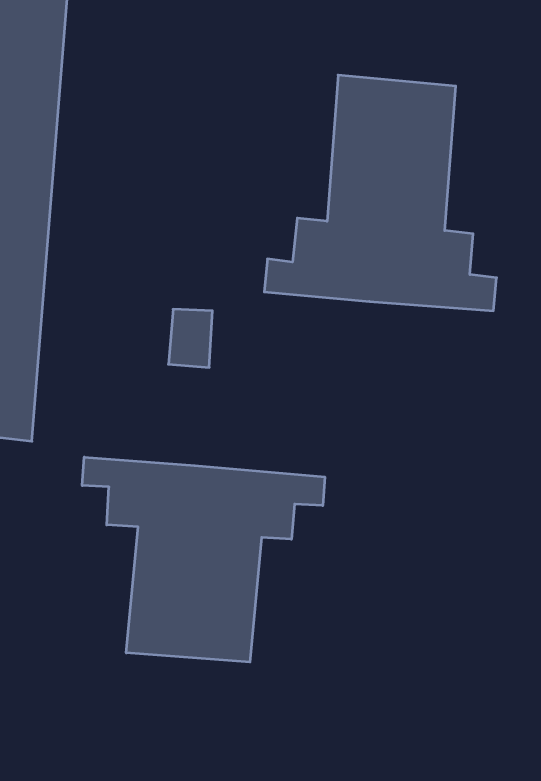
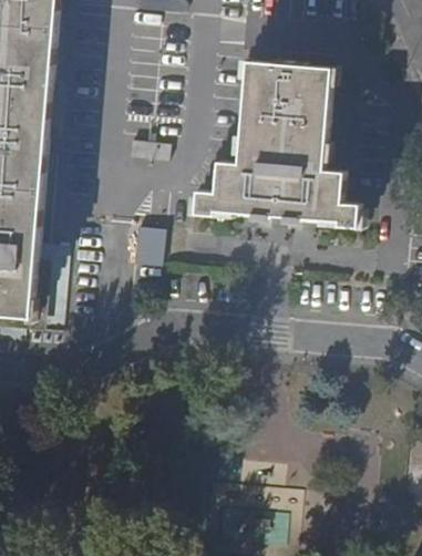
building: [82,457,325,662] -> none

